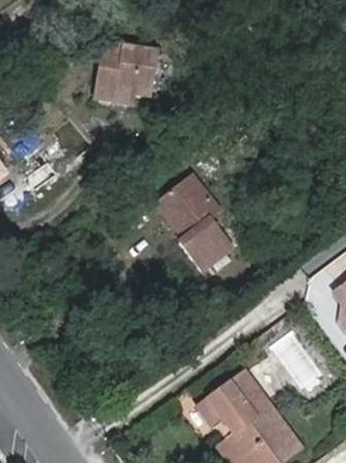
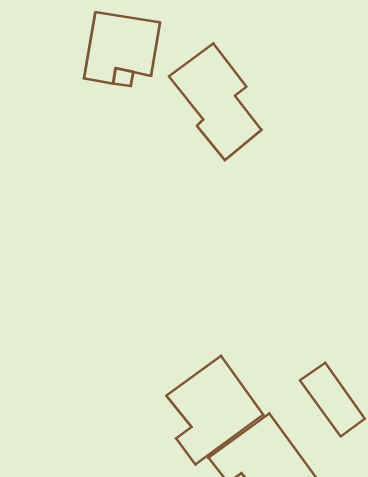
building: [154,175,230,271] -> [169,43,262,160]
building: none -> [166,356,263,465]

